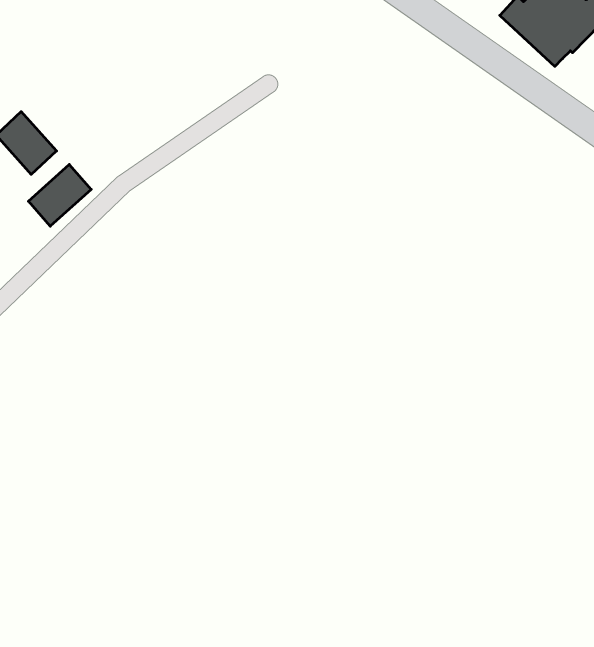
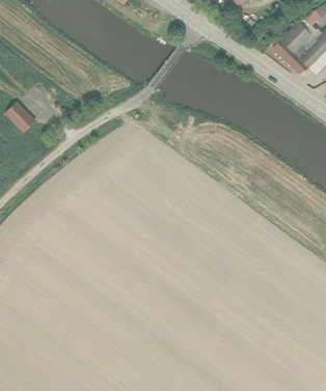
building: [28,164,91,226] -> none

